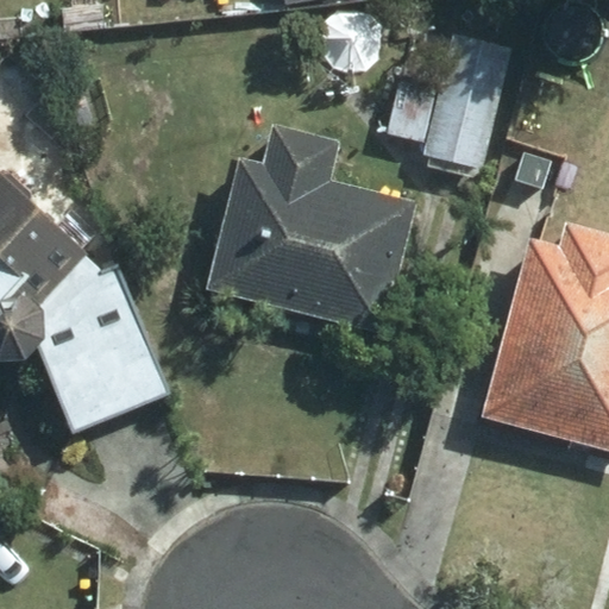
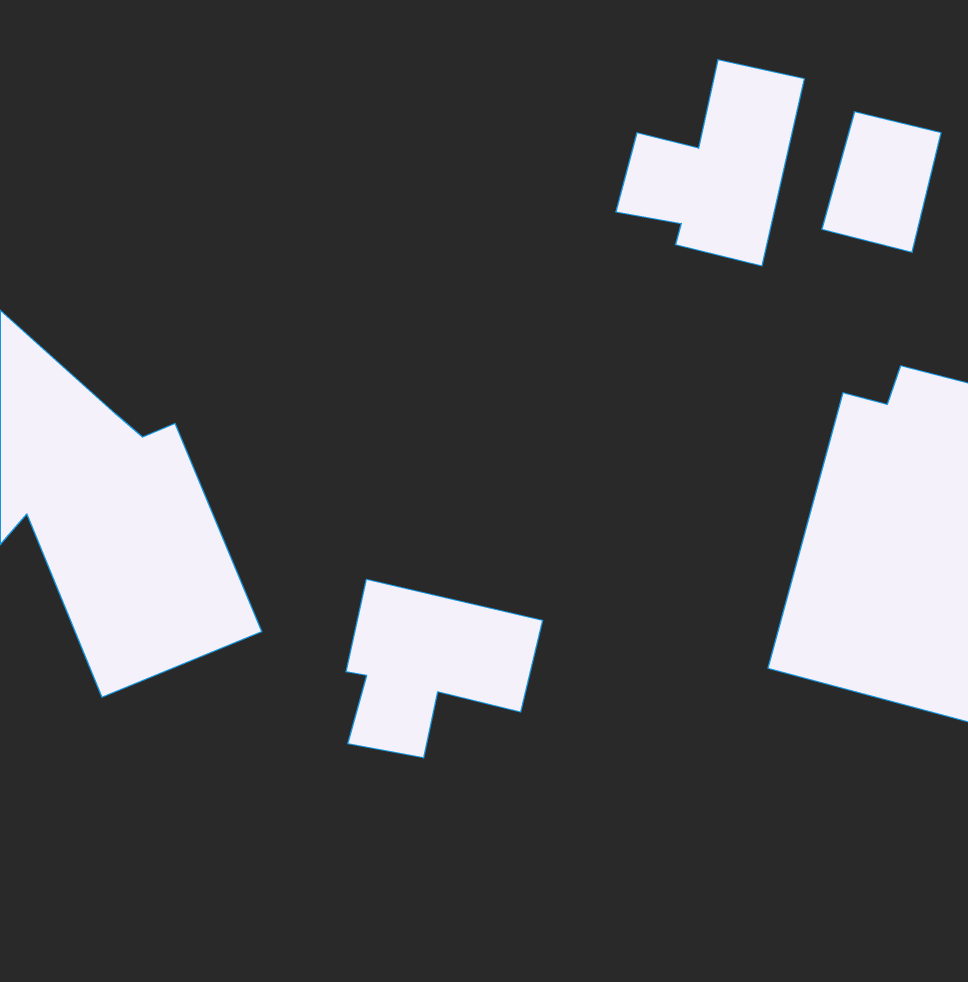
building: [207,130,404,325] -> none
building: none -> [346,579,542,758]

